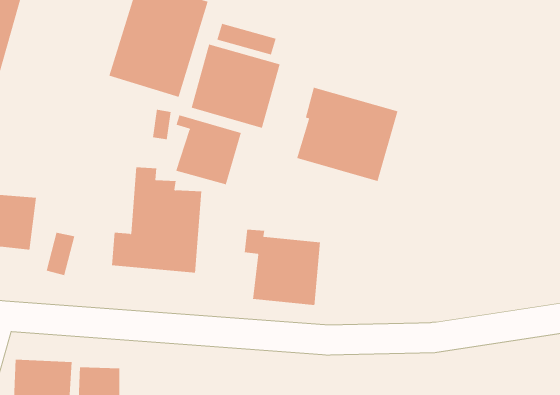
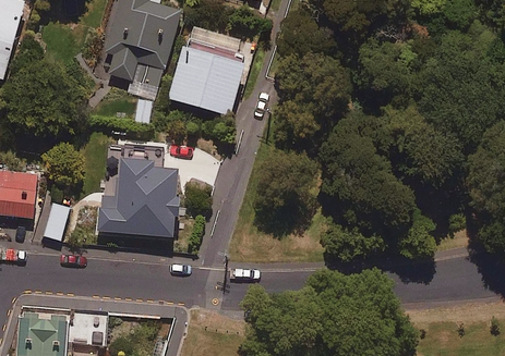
building: [297,87,398,182] -> none
building: [176,115,242,185] -> none
building: [244,229,321,306] -> none

